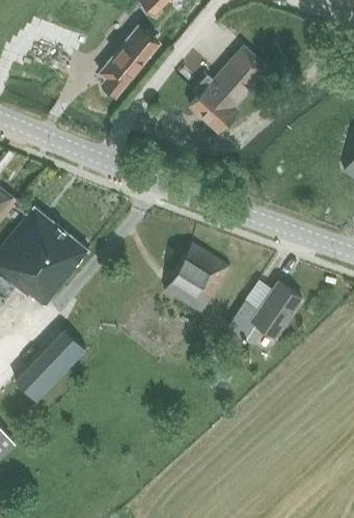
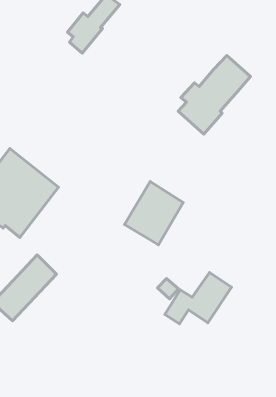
building: [188,46,270,135] -> [178,55,251,134]
building: [226,283,302,342] -> [165,272,232,324]

